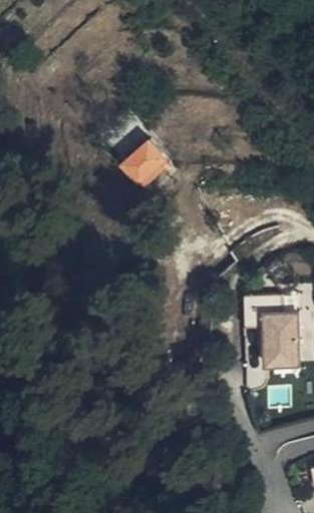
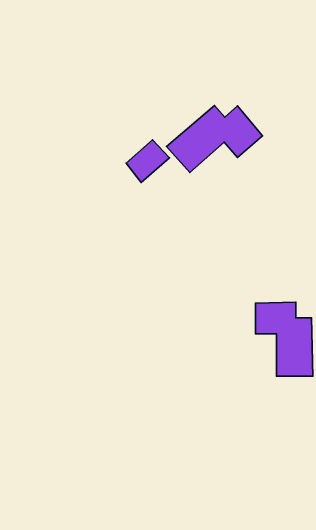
building: none -> [167,106,263,172]

